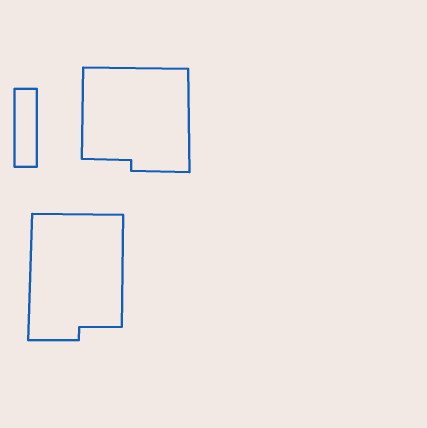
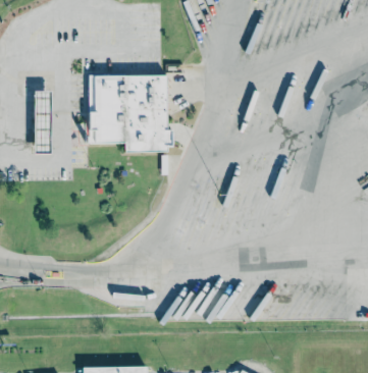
building: [28,214,123,340] -> none

